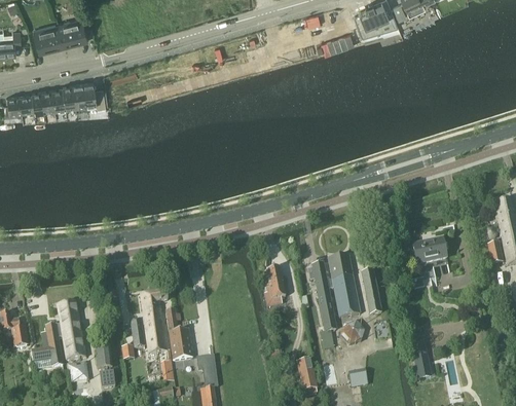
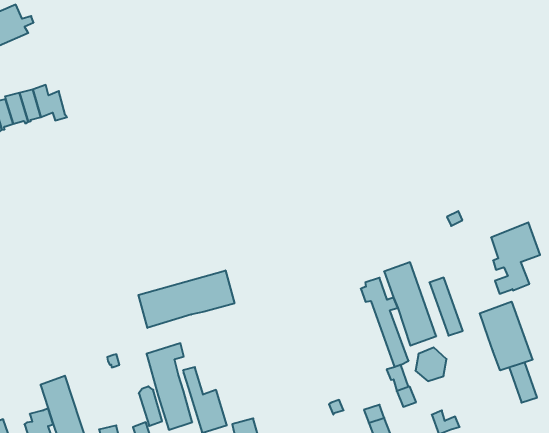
building: none -> [138,270,234,328]
building: [264,268,284,300] -> none
building: none -> [480,302,533,370]

